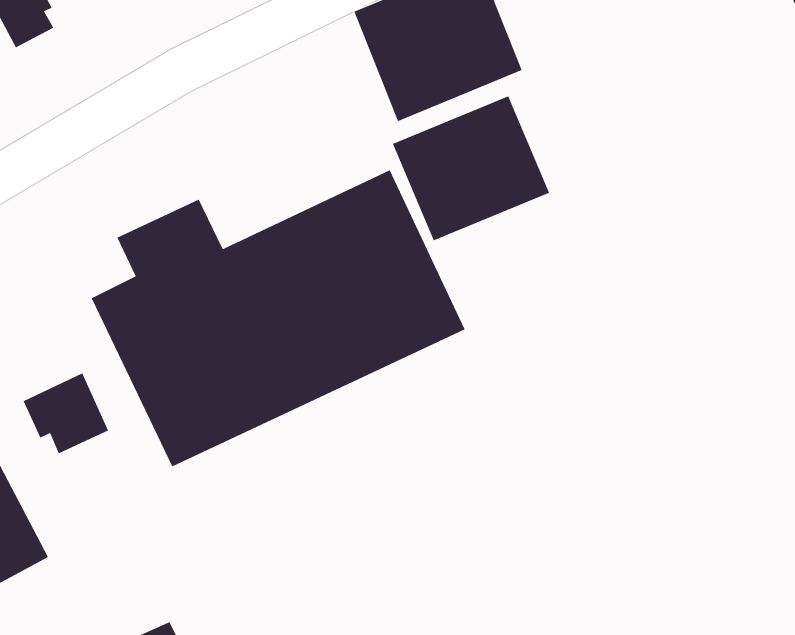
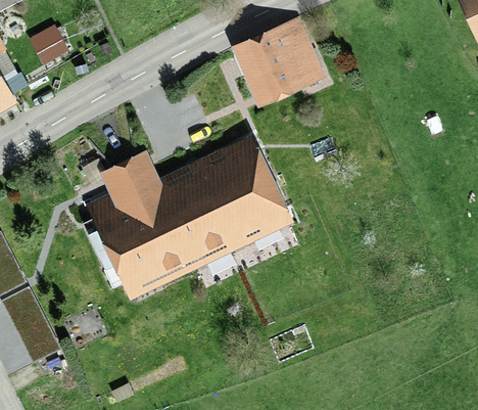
building: [392,96,550,241] -> none
building: [23,373,109,454] -> none

